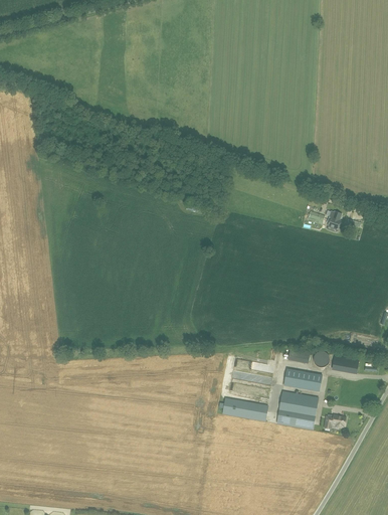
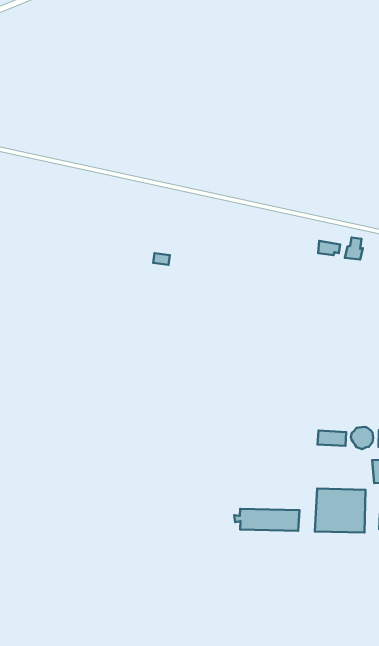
building: [283,367,322,390] -> none

